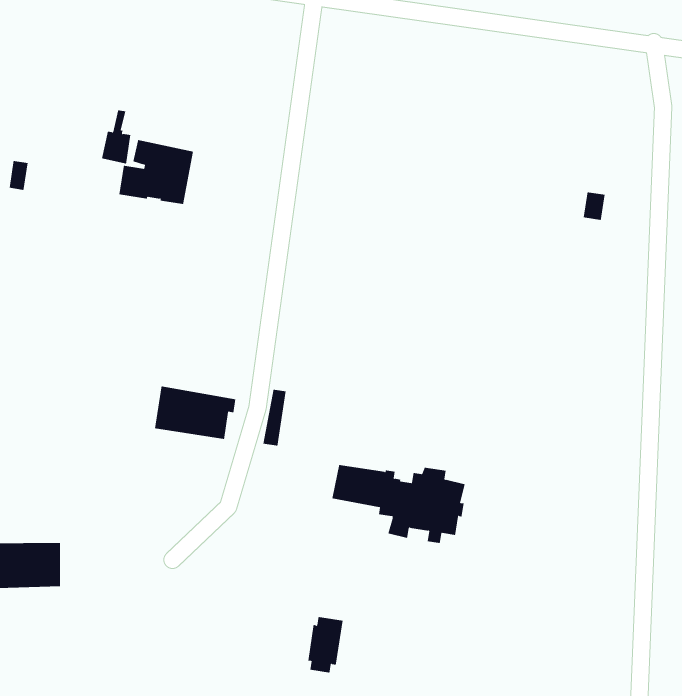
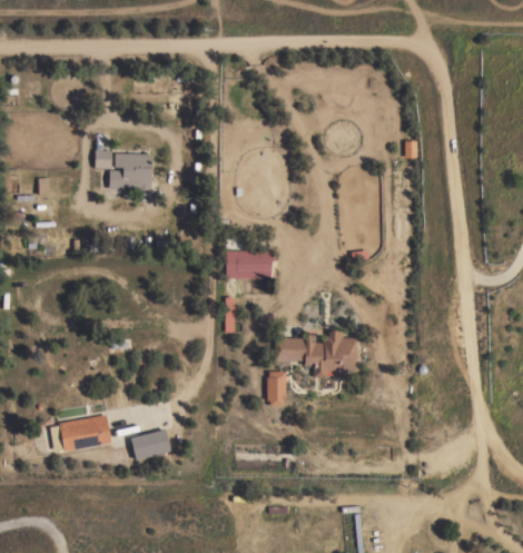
building: [154,386,236,440] -> [226,250,275,278]
building: none -> [131,429,176,464]
building: [307,617,343,673] -> [267,372,286,406]

